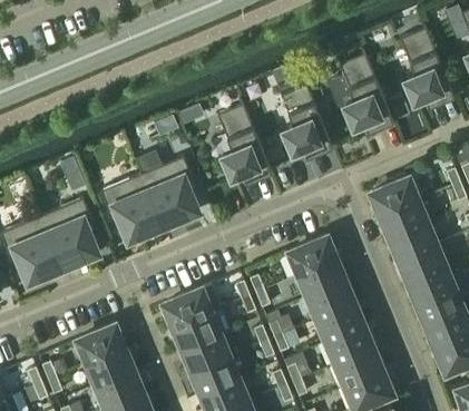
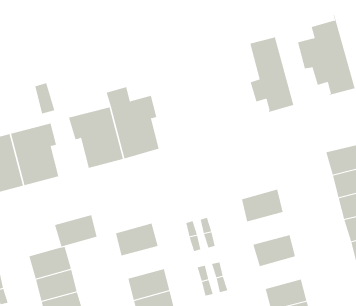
building: [216,99,271,185] -> none
building: [299,261,345,299] -> none
building: [317,305,363,343] -> none
building: [173,313,219,351] -> [54,215,98,247]

